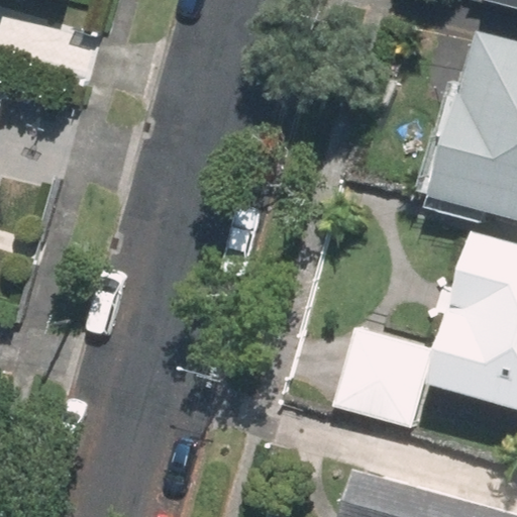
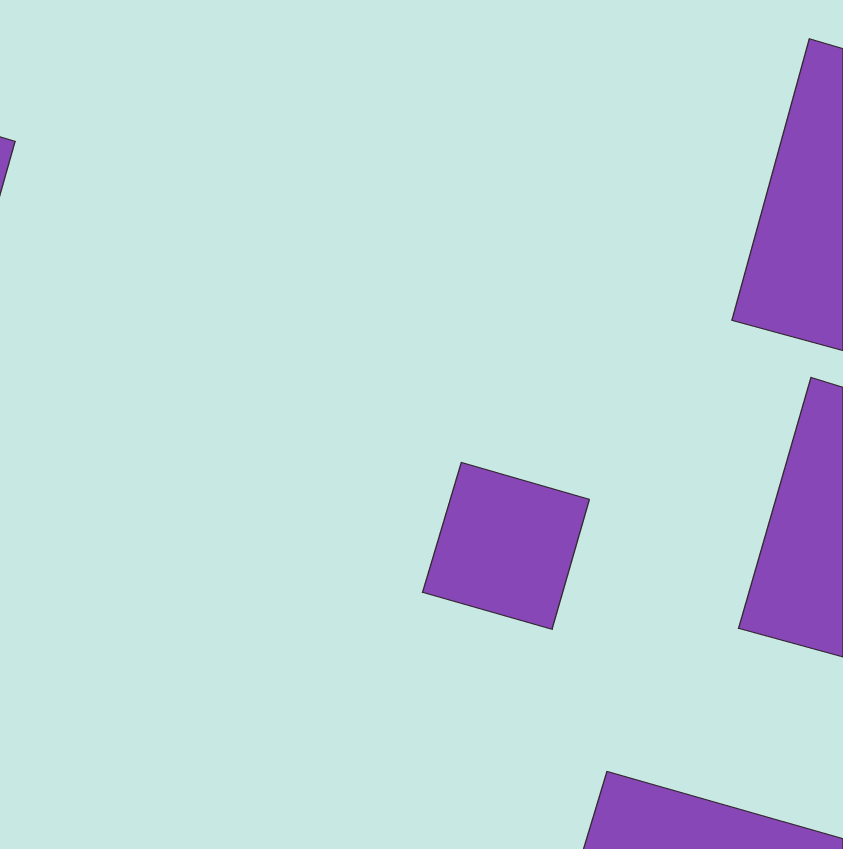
building: [332,331,432,431] -> [422,463,589,629]

